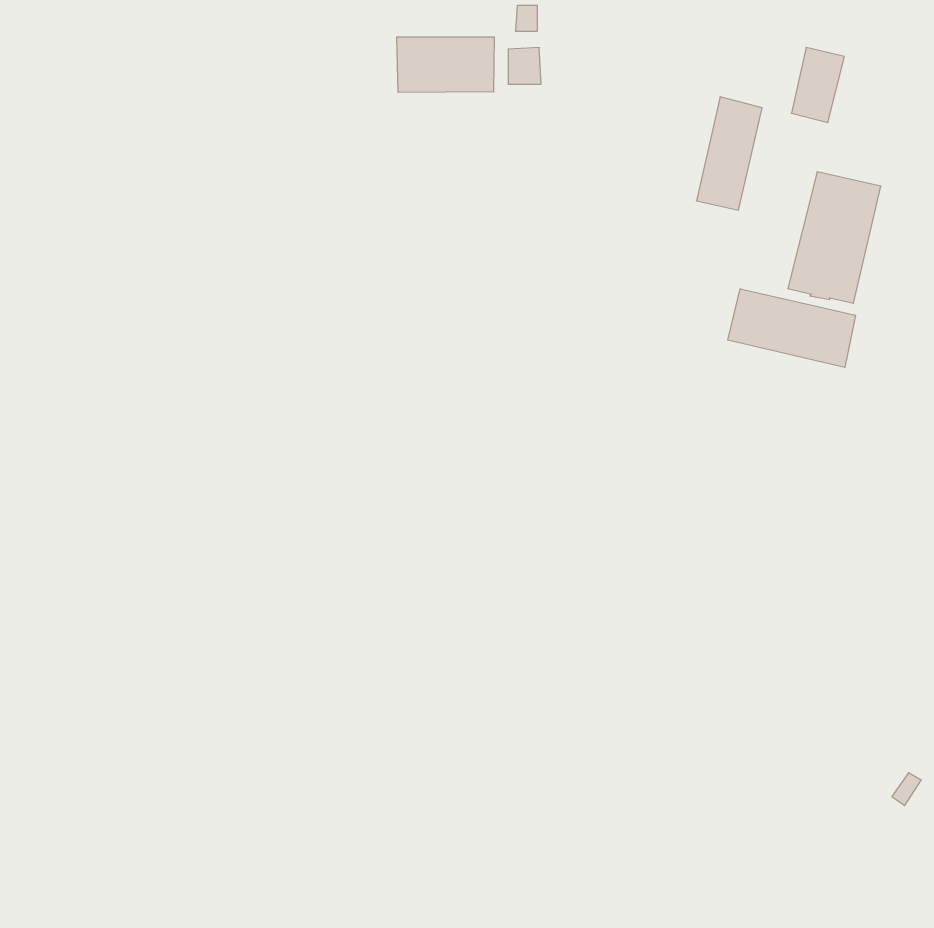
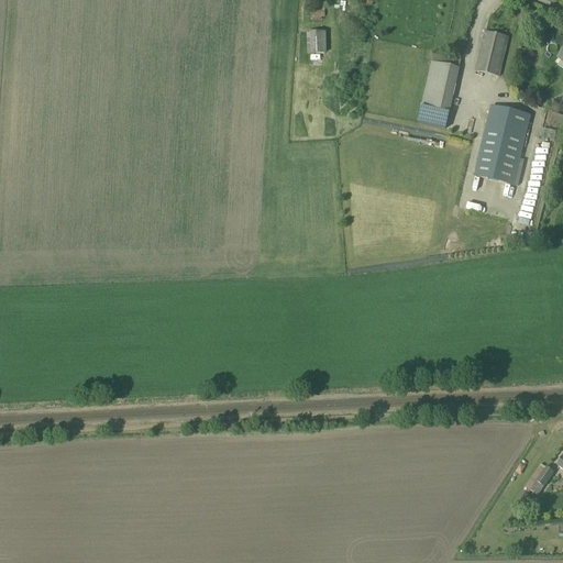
building: [397,37,494,92] -> none
building: [728,289,856,368] -> none

